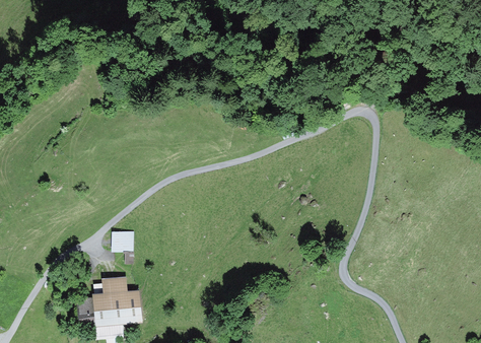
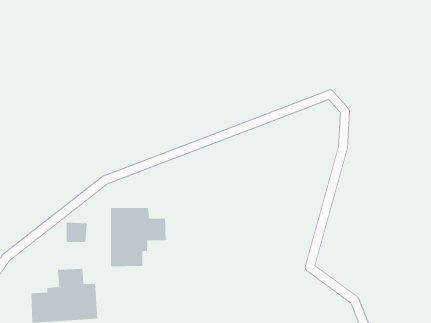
building: none -> [111,207,166,267]

